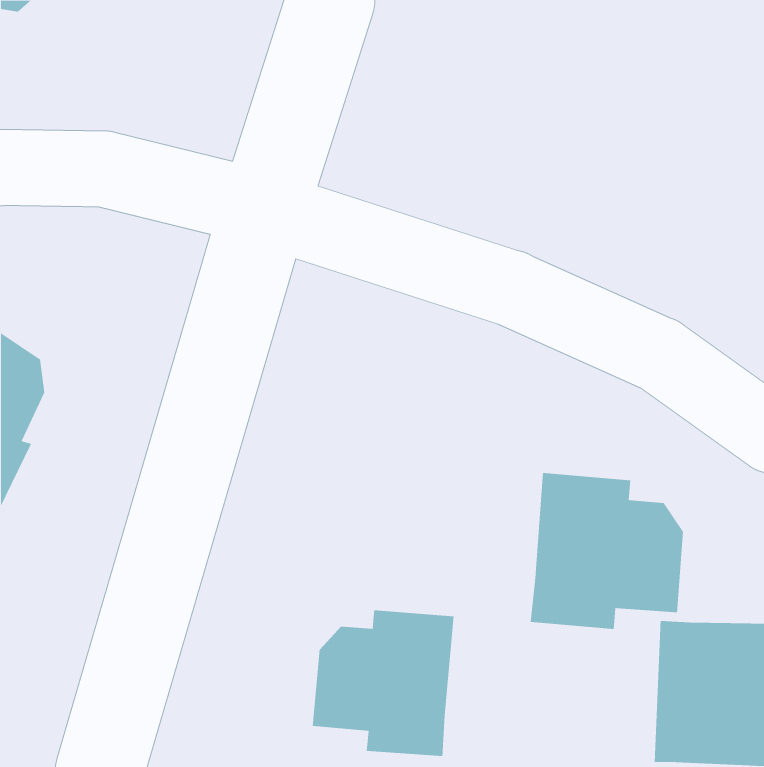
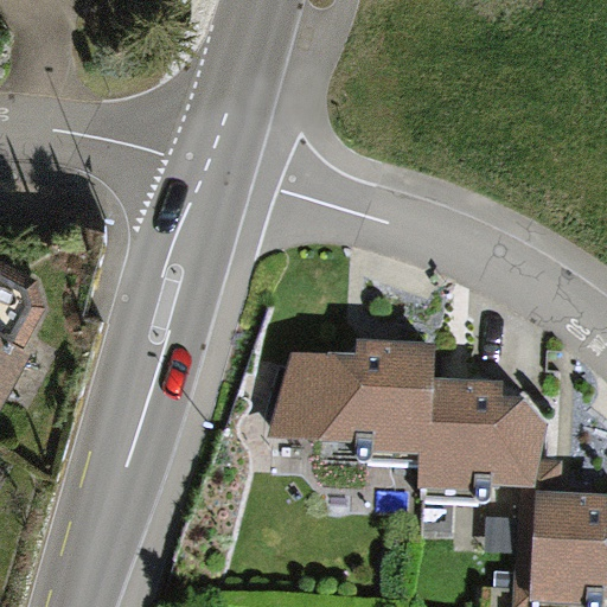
building: none -> [277,339,435,458]
building: [312,610,454,757] -> none

